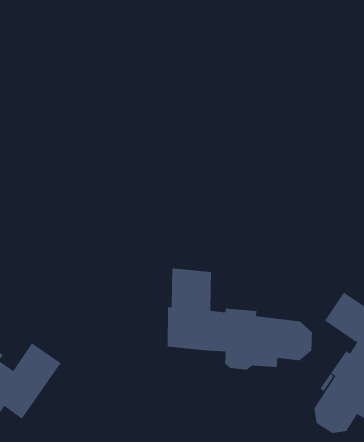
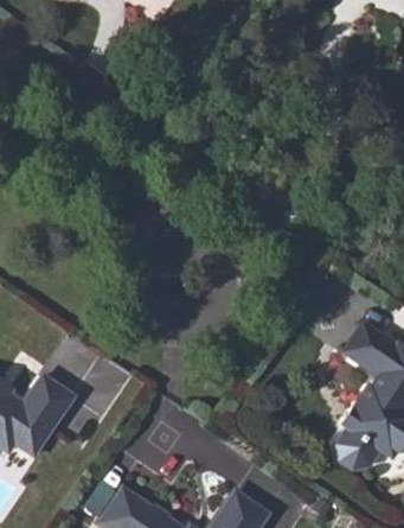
building: [167,268,313,371] -> none

